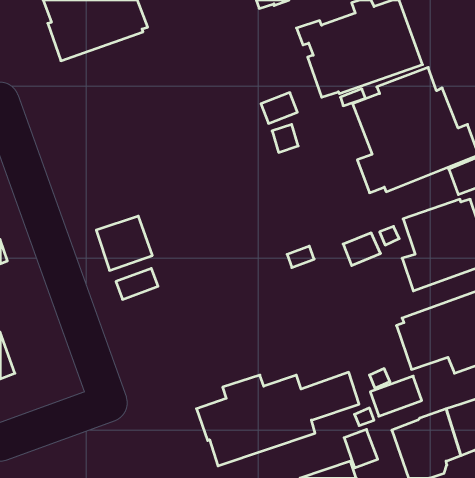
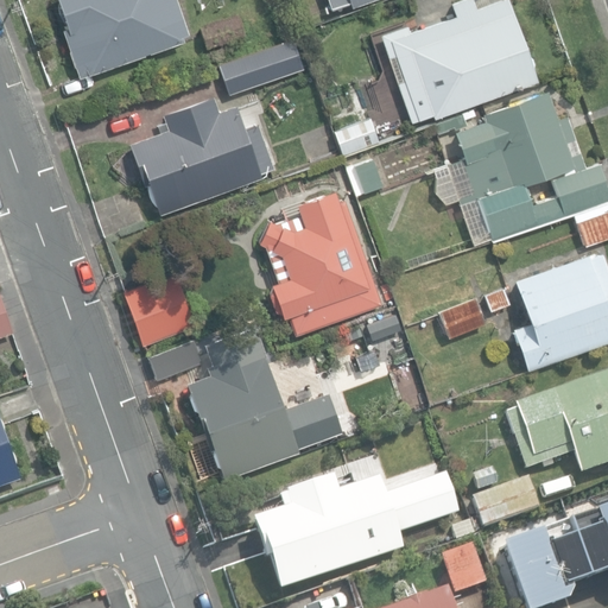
building: none -> [220,38,305,94]
building: none -> [129,94,276,213]
building: none -> [261,190,381,335]
building: none -> [189,325,343,479]

